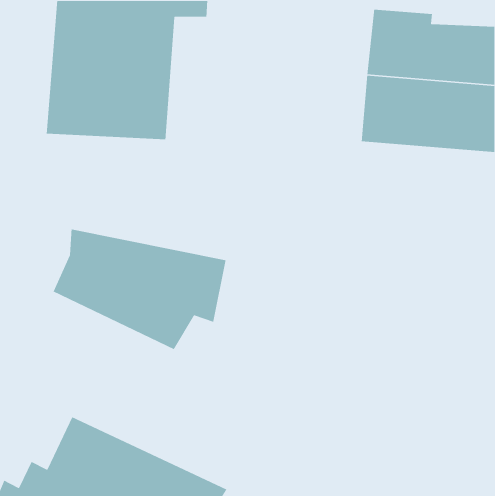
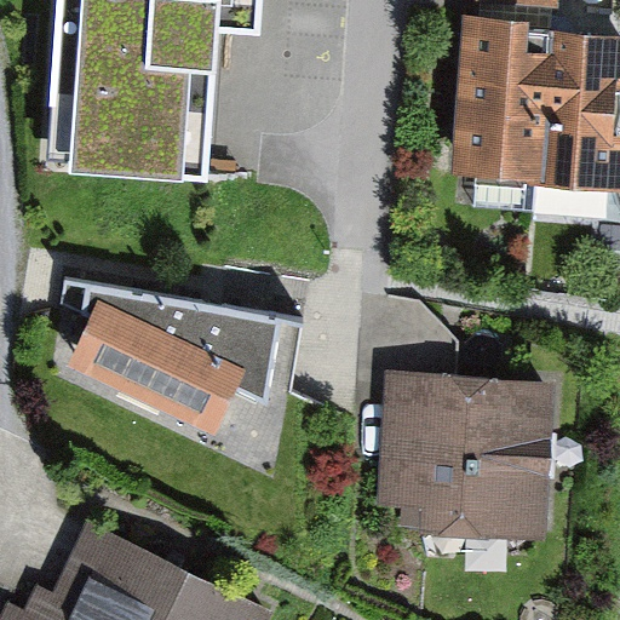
building: none -> [377,373,563,555]

